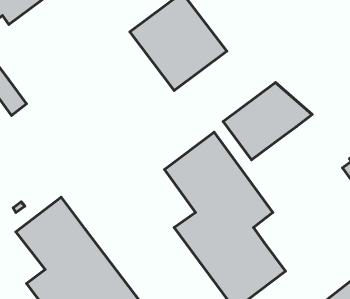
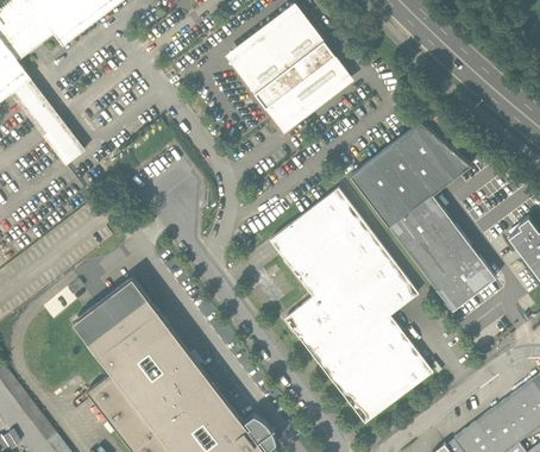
building: none -> [388,193,494,309]

